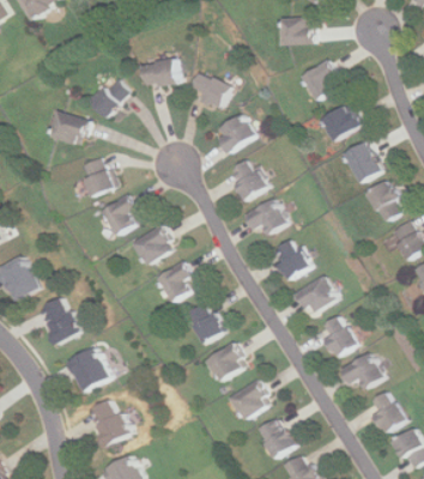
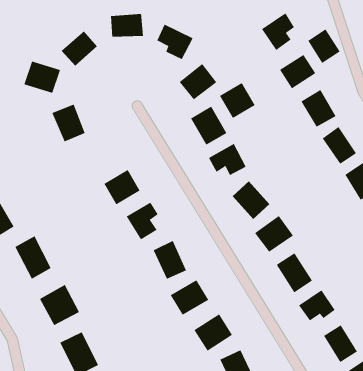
building: none -> [307,29,340,64]
building: none -> [219,82,256,119]
building: [102,194,137,234] -> none

